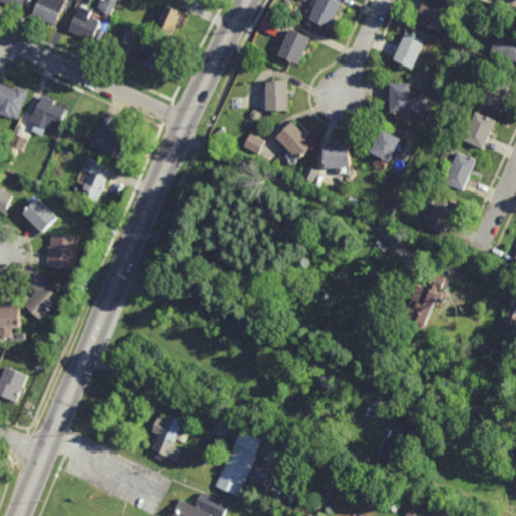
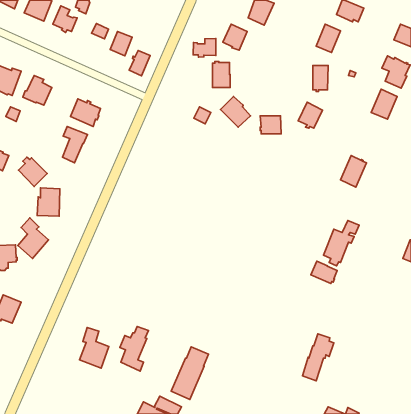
building: [152,8,178,39] -> [129,51,150,76]
building: none -> [193,39,216,57]
building: [441,151,475,190] -> none
building: none -> [311,261,337,283]
building: none -> [80,327,109,368]

